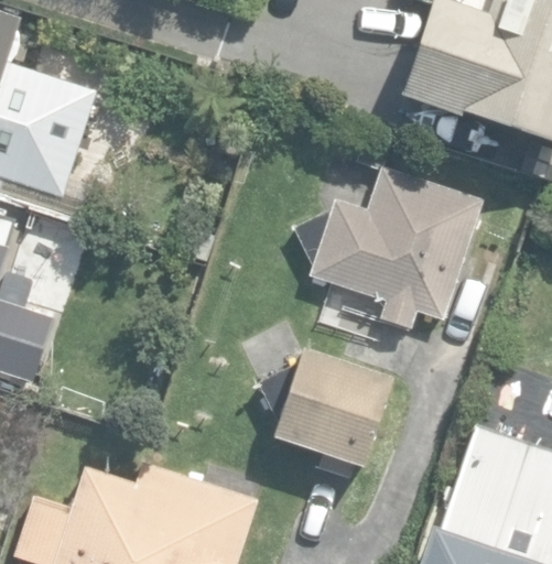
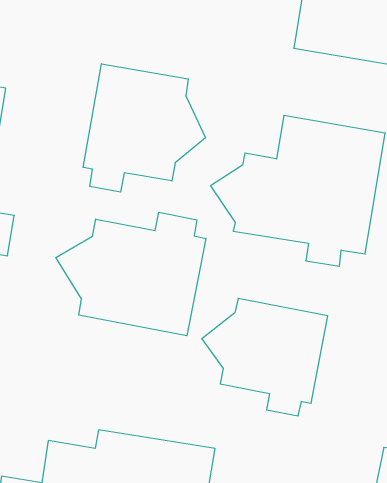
building: none -> [83,64,206,192]
building: none -> [56,212,206,336]

